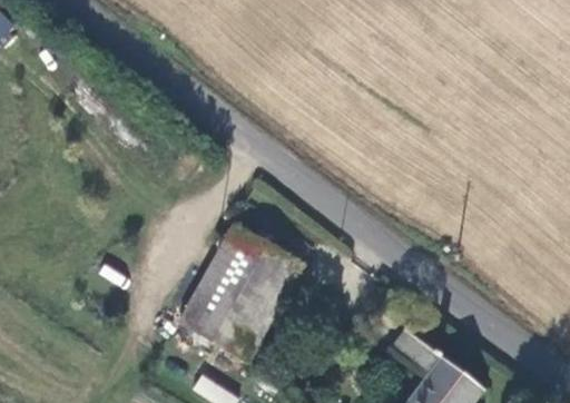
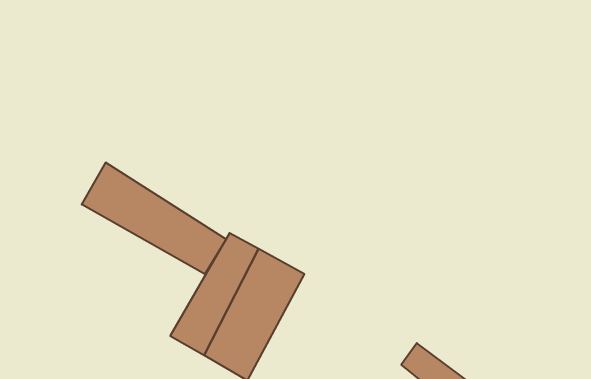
building: none -> [82,162,226,274]

